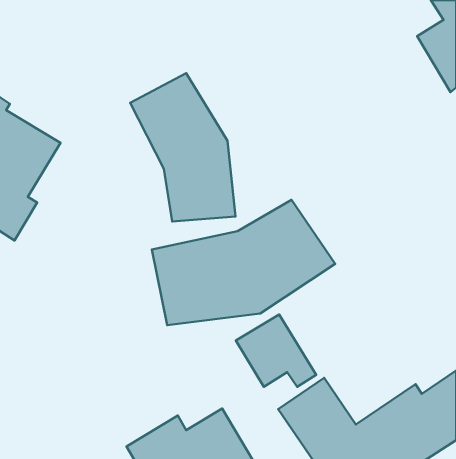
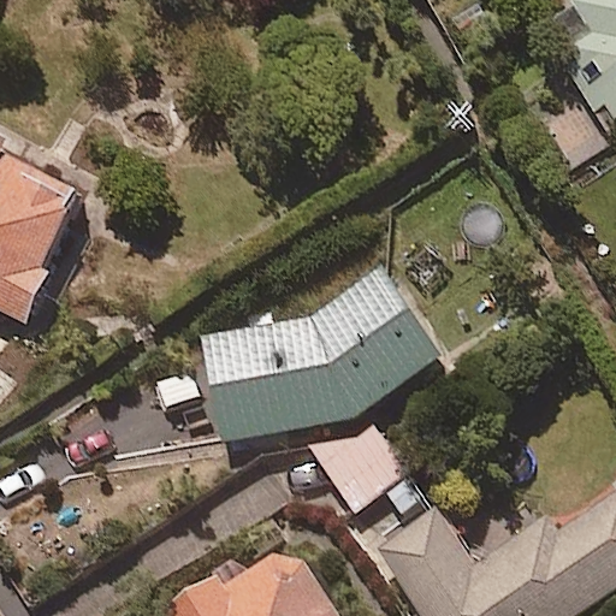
building: [130,73,235,221] -> none

